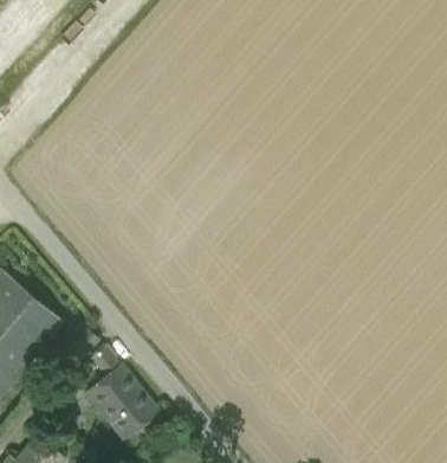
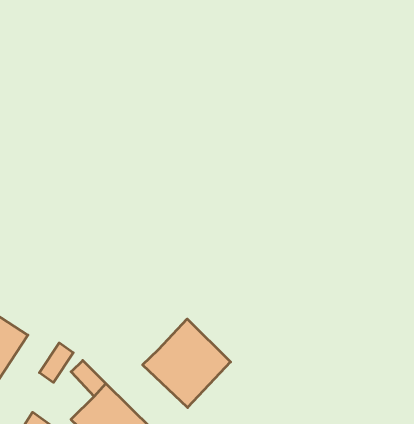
building: none -> [143,319,231,408]

